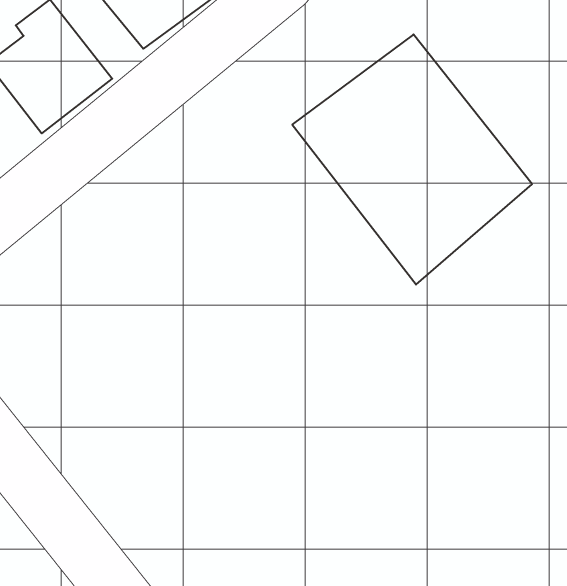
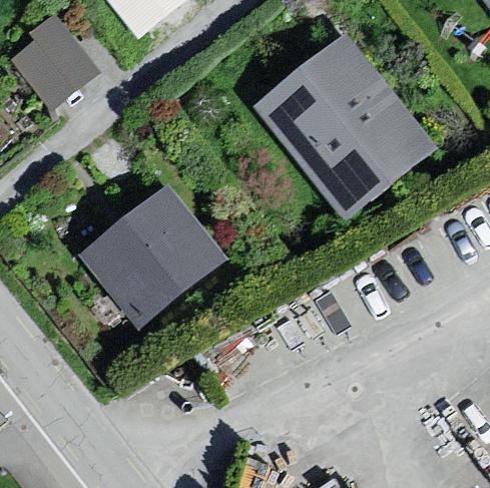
building: none -> [79,183,222,329]

